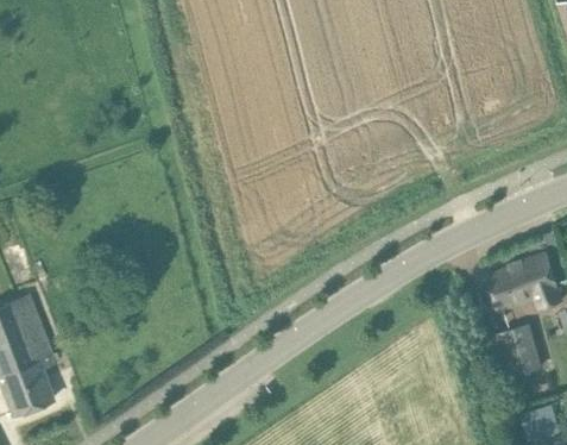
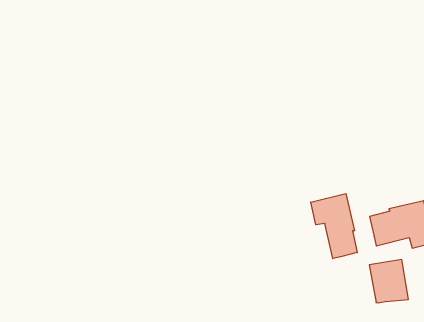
building: none -> [311,194,357,259]

